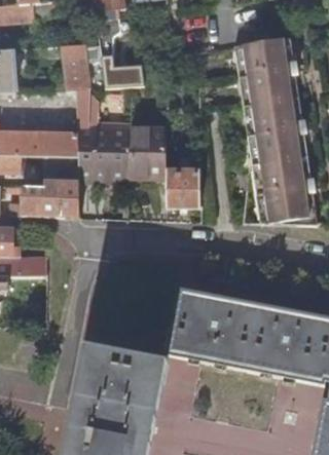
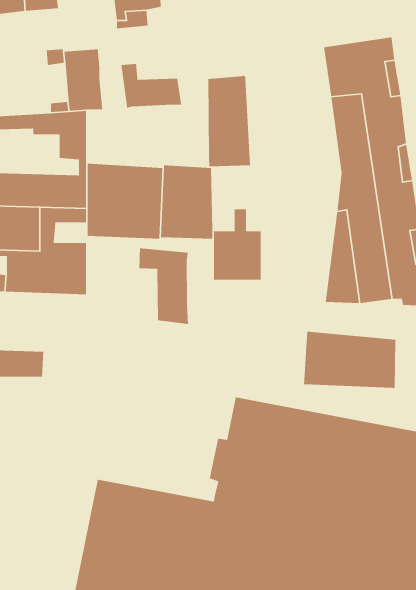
building: none -> [207,75,251,167]
building: none -> [138,248,189,325]
building: none -> [303,331,396,389]

